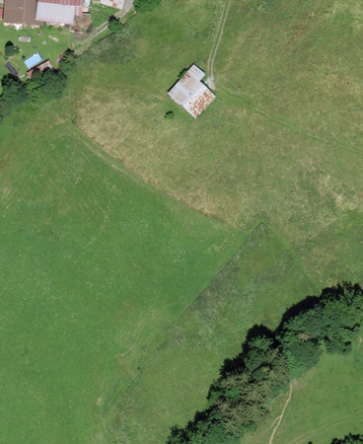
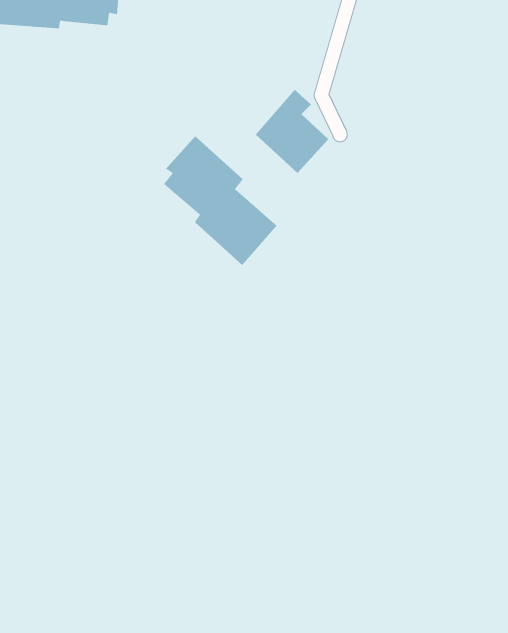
building: none -> [163,136,277,266]

